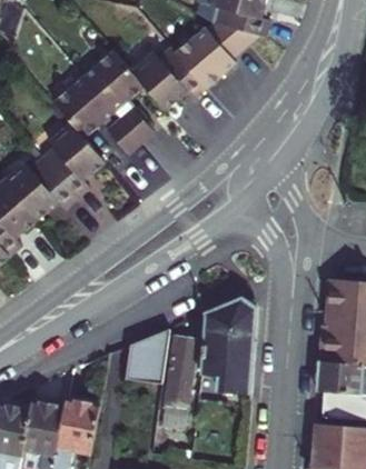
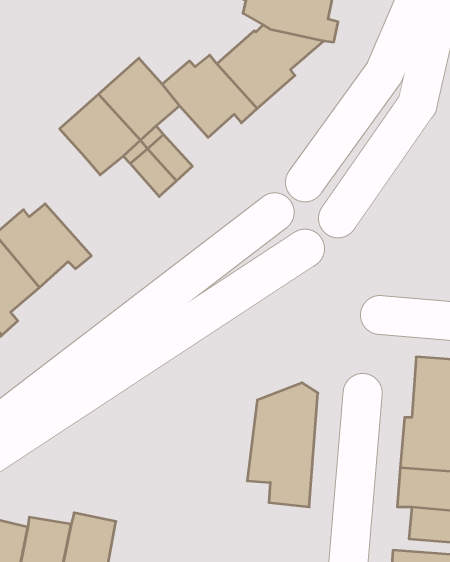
building: [43,123,108,200] -> none
building: [126,327,171,382] -> none
building: [159,333,197,428] -> none

